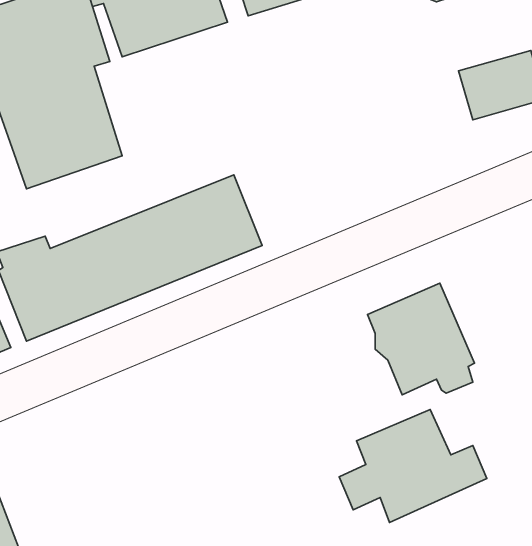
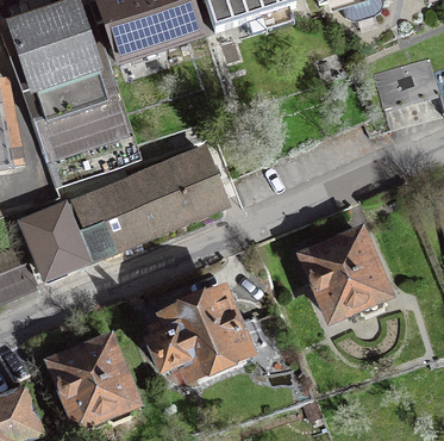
building: [339,409,487,522] -> [152,292,264,378]
building: none -> [54,340,133,423]

